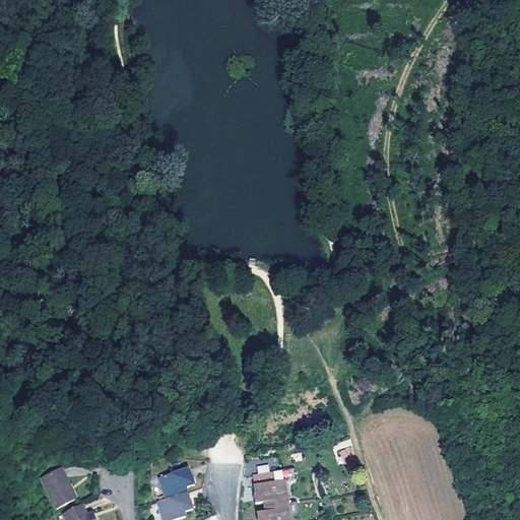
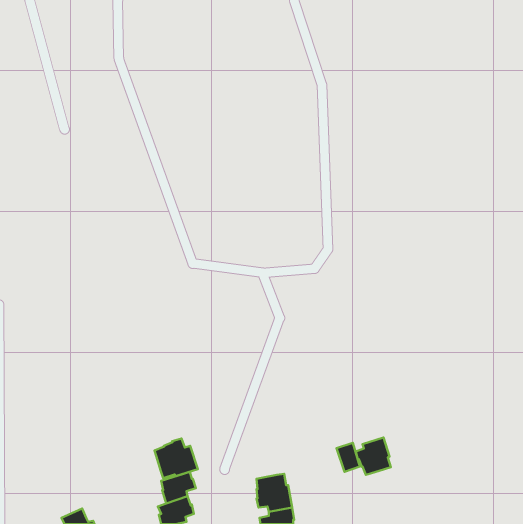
building: none -> [356,437,391,475]
building: none -> [155,439,198,478]
building: [40,468,74,508] -> none

